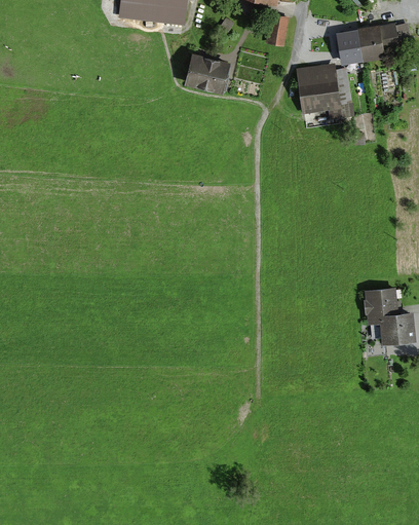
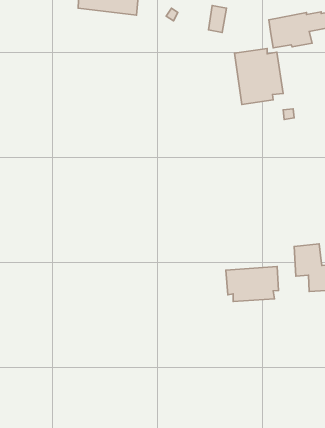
building: [185,53,231,92] -> none
building: none -> [226,266,279,302]

